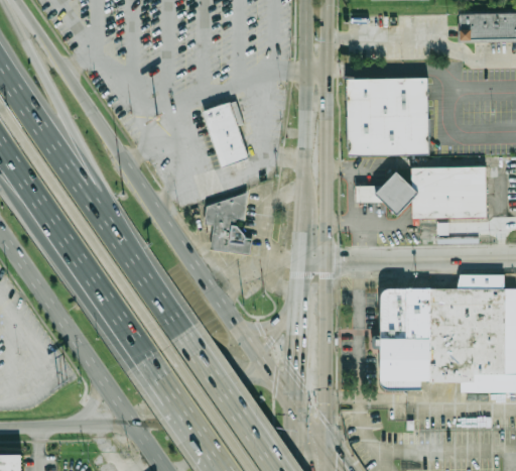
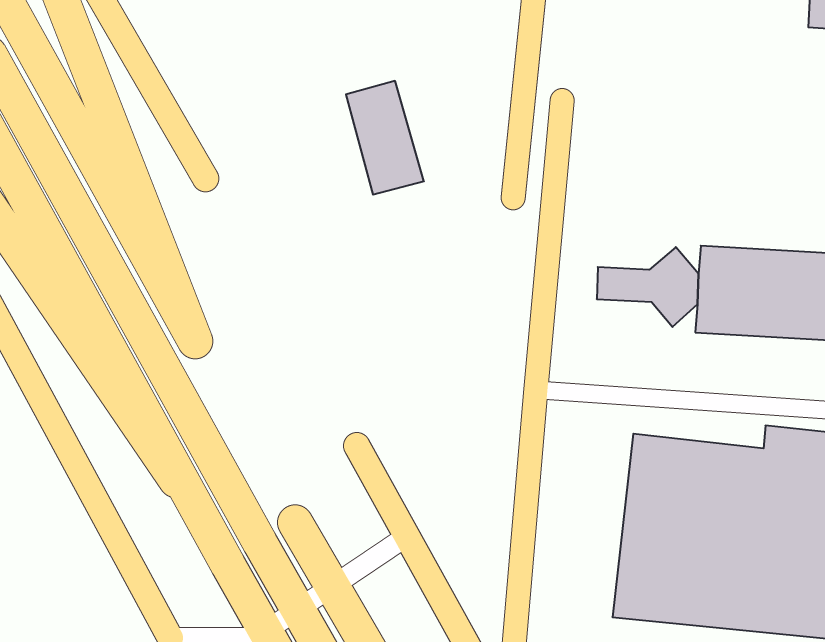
building: [348,79,430,157] -> none
building: [206,184,254,244] -> none

